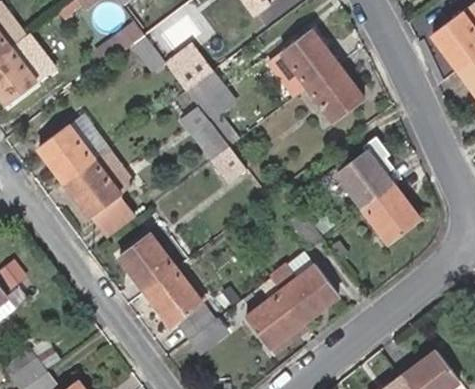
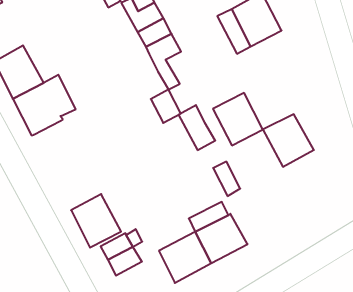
building: [307,64,363,121] -> [213,93,263,145]
building: [185,111,228,158] -> [178,105,215,150]
building: [361,184,417,243] -> none
building: [94,196,134,234] -> none
building: [119,232,175,288] -> none

